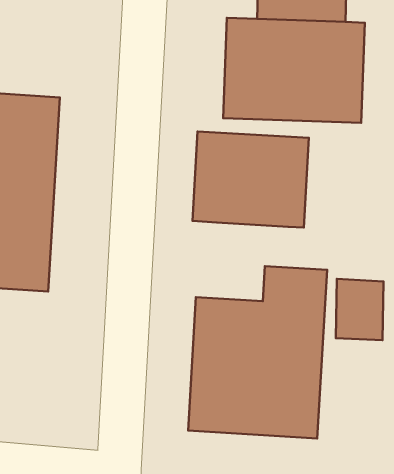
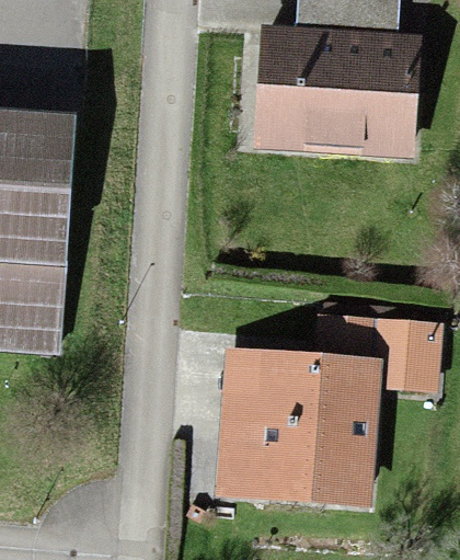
building: [192,131,309,227] -> none

